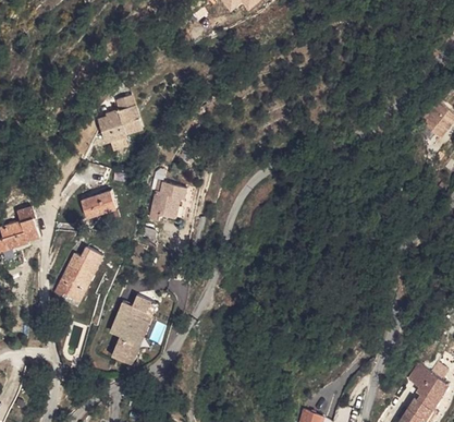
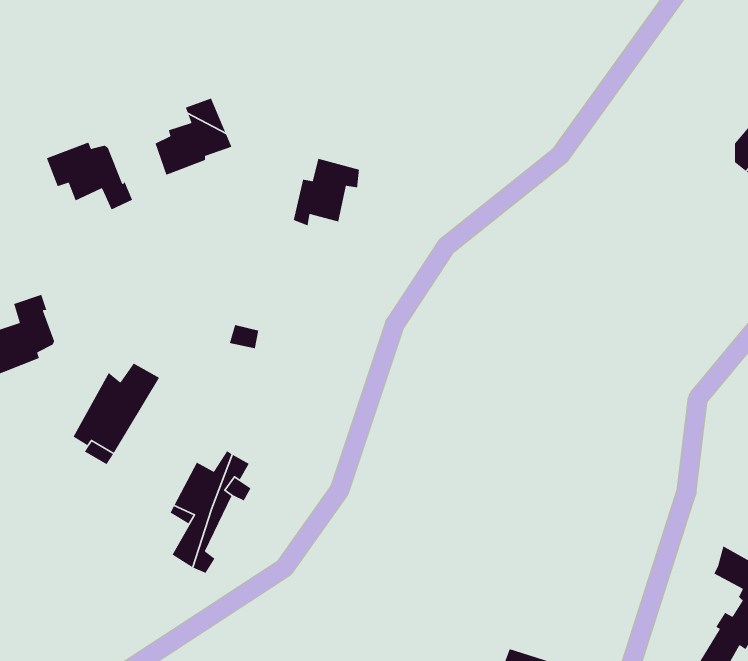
building: none -> [46,142,133,211]
building: [150,177,188,216] -> [293,158,360,226]
building: [82,185,118,216] -> none

